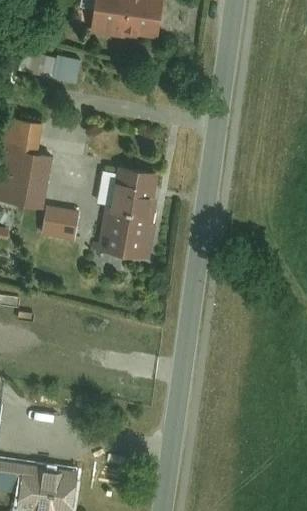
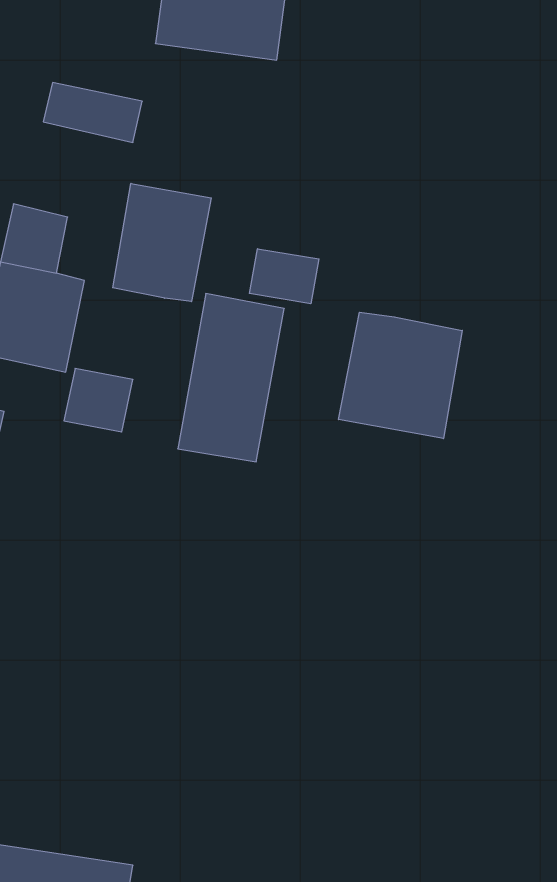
building: none -> [113,183,211,302]
building: none -> [249,249,319,304]
building: none -> [339,312,462,439]

